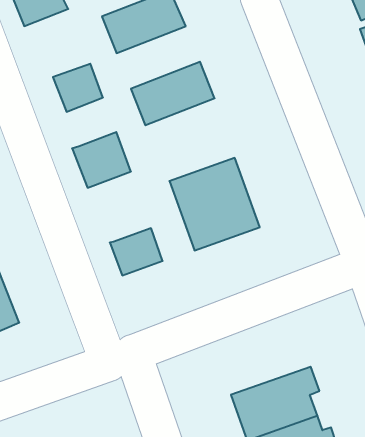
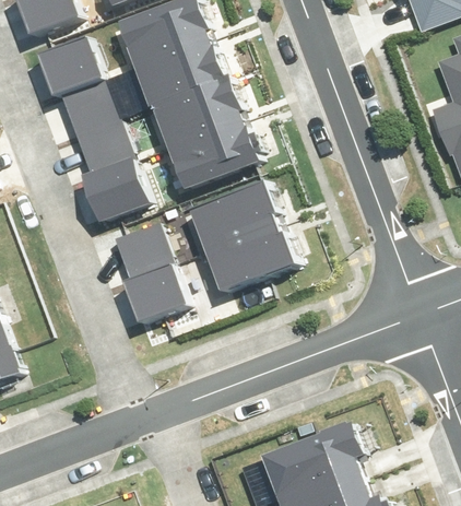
building: none -> [133,36,228,107]
building: none -> [39,37,104,97]
building: none -> [76,117,133,173]
building: none -> [166,118,261,189]
building: none -> [114,223,173,281]

